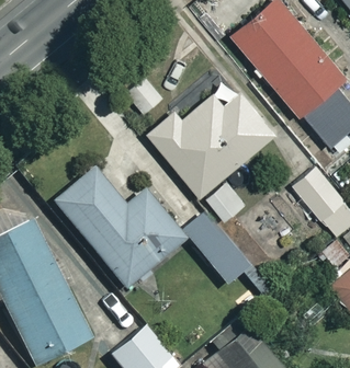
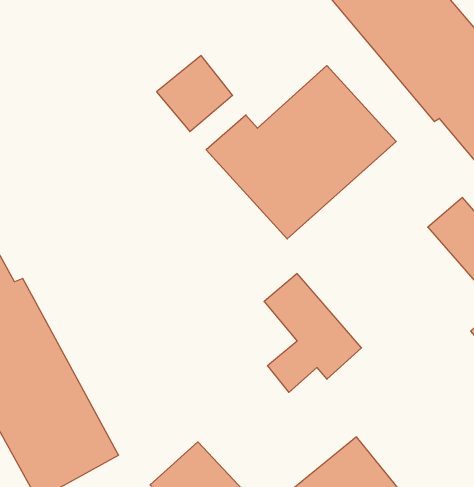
building: [52,172,183,290] -> none

